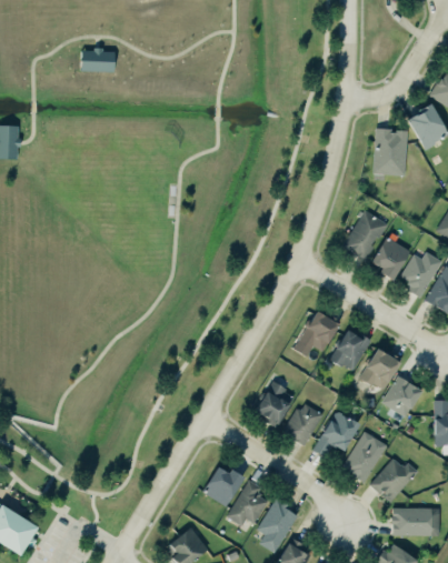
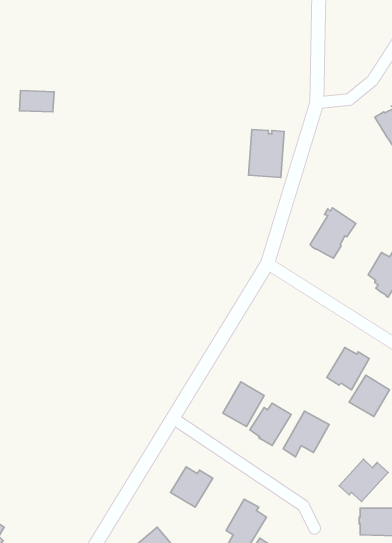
building: [82,51,117,72] -> [19,91,54,112]
building: [371,128,407,175] -> [248,129,284,177]
building: [370,235,409,280] -> none
building: [298,310,340,351] -> none
building: [328,329,370,370] -> none
building: [341,431,387,482] -> none
building: [226,479,267,525] -> none

